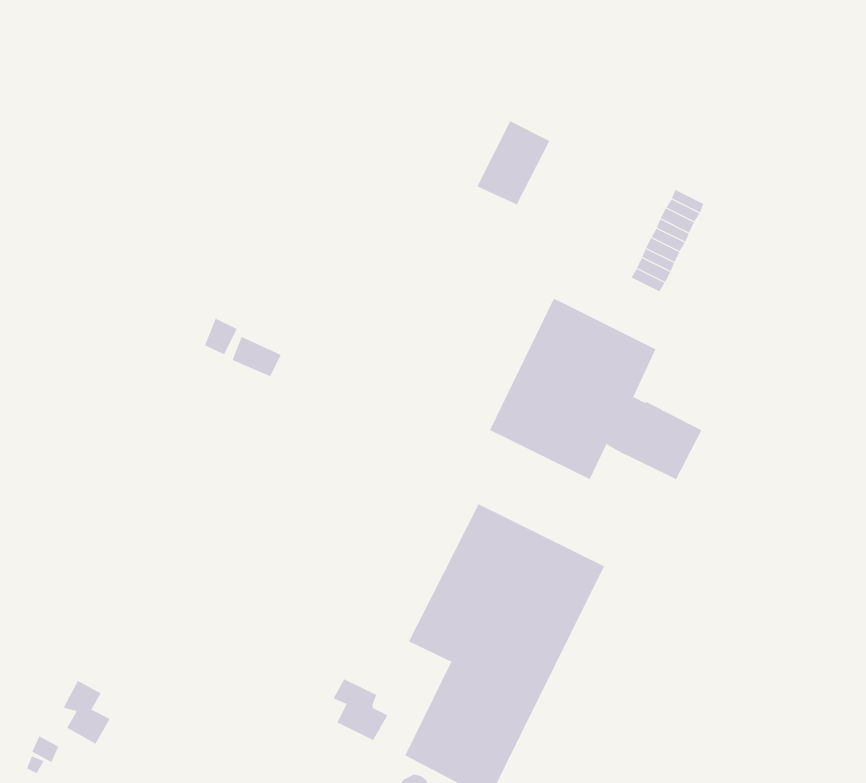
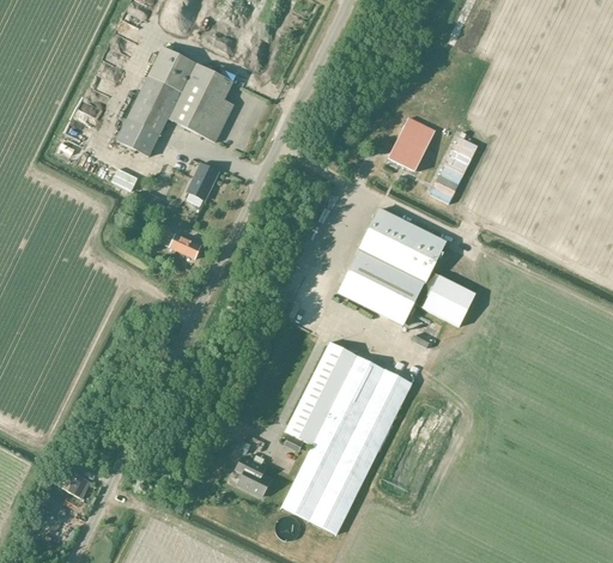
building: none -> [115,47,233,157]
building: [477,120,550,205] -> [387,116,435,171]
building: none -> [186,163,218,199]

